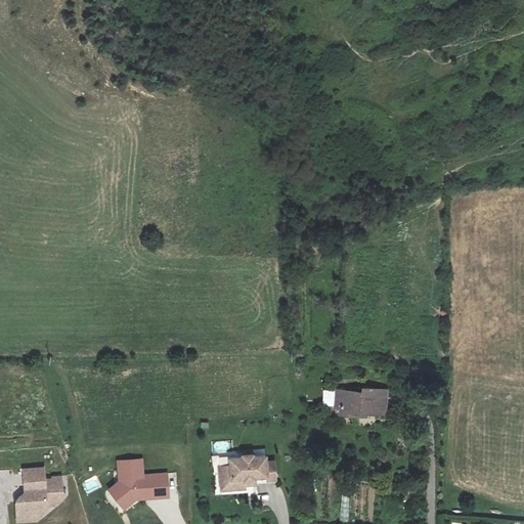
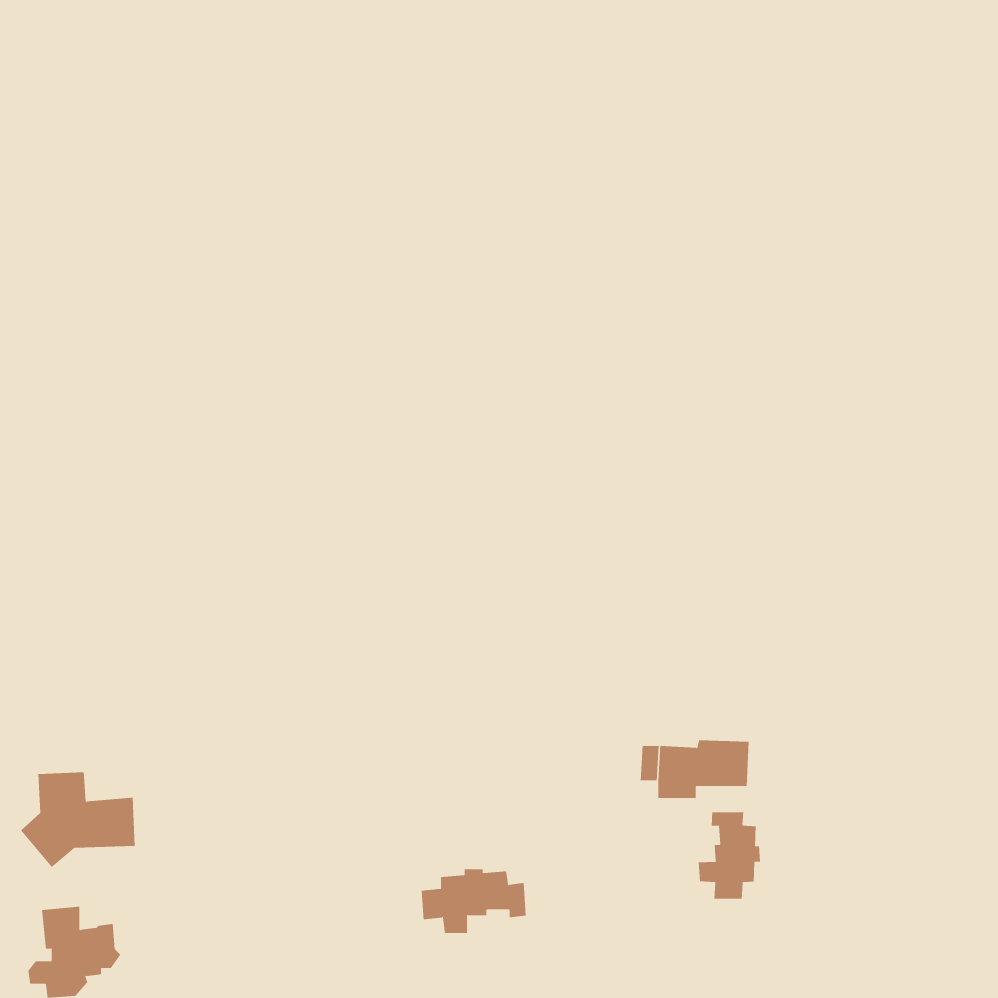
building: none -> [698,812,761,900]
building: [107,458,168,509] -> [20,772,135,868]

